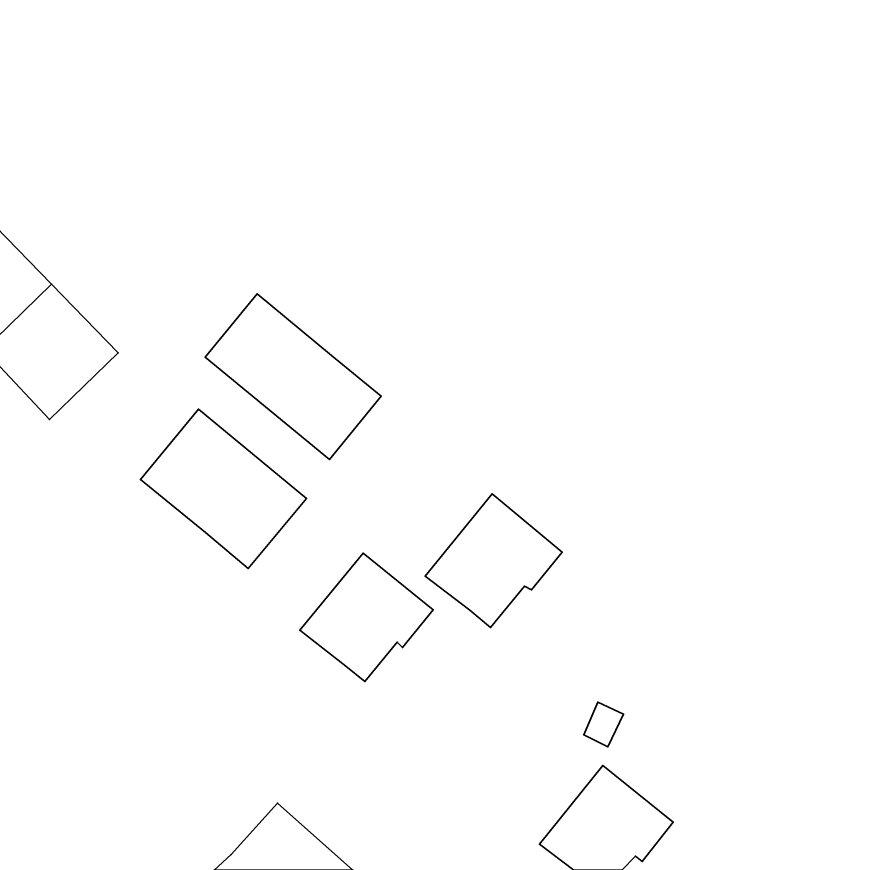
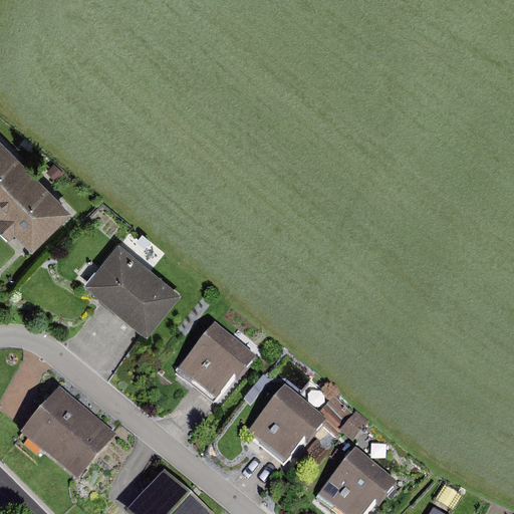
building: [205,294,381,459] -> none
building: [425,494,562,627] -> [244,386,324,464]
building: none -> [19,387,114,480]

